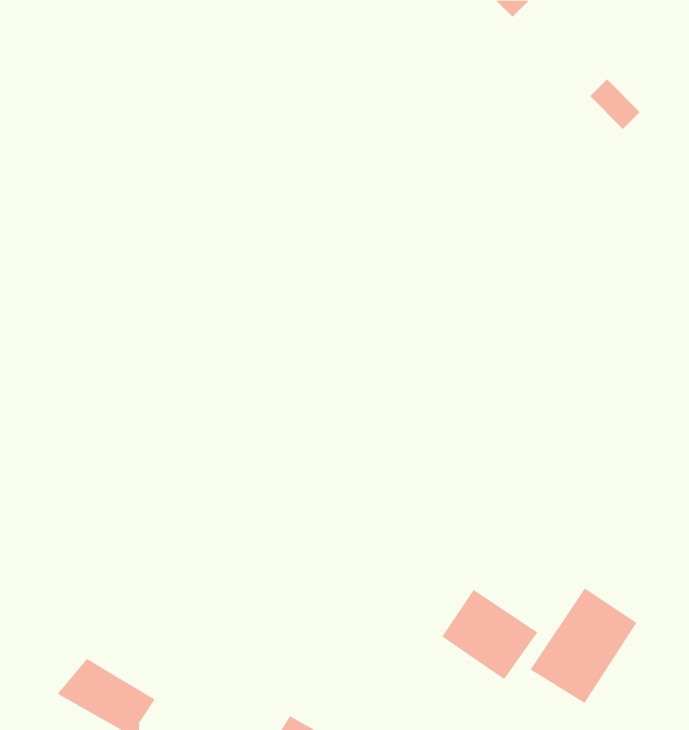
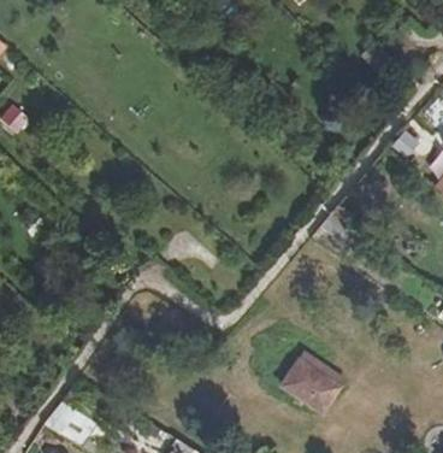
building: [530,587,637,704] -> none

